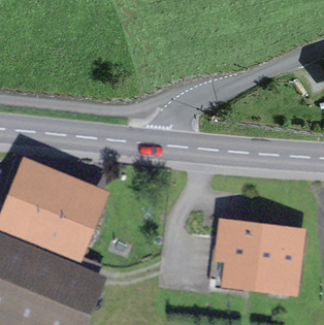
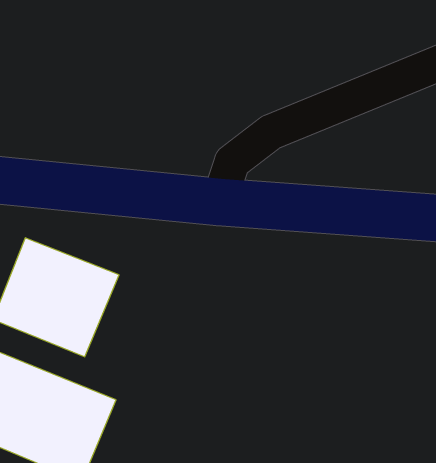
building: [212,224,306,287] -> none

